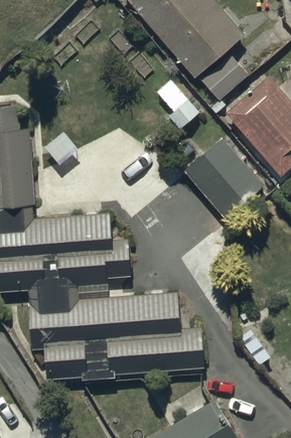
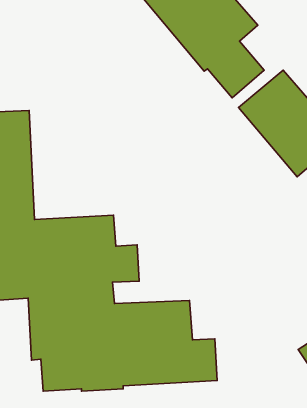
building: [182,137,264,221] -> none

